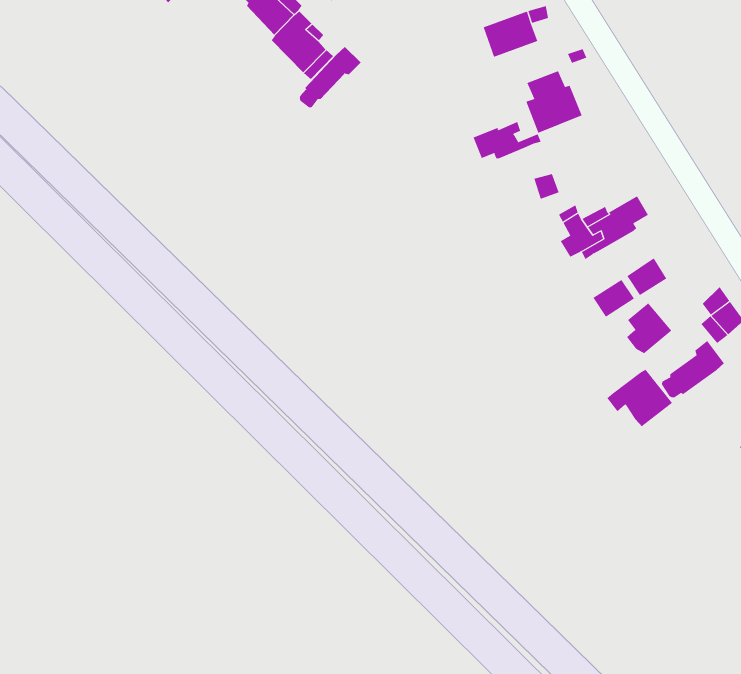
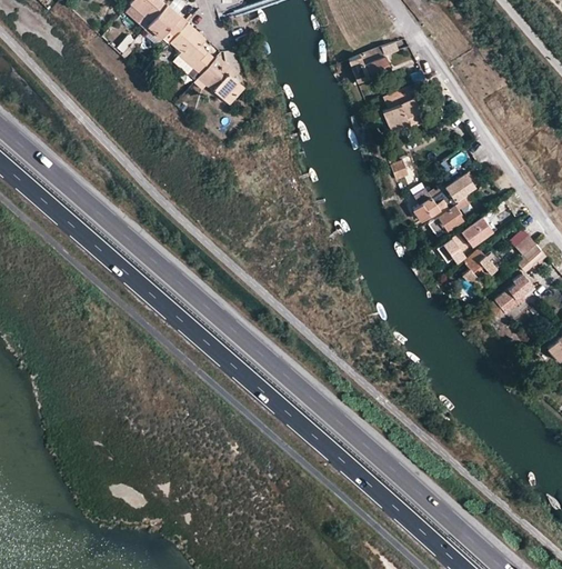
building: [299,46,362,108] -> none
building: [473,121,541,159] -> none
building: none -> [430,199,466,237]
building: [607,369,673,427] -> none

